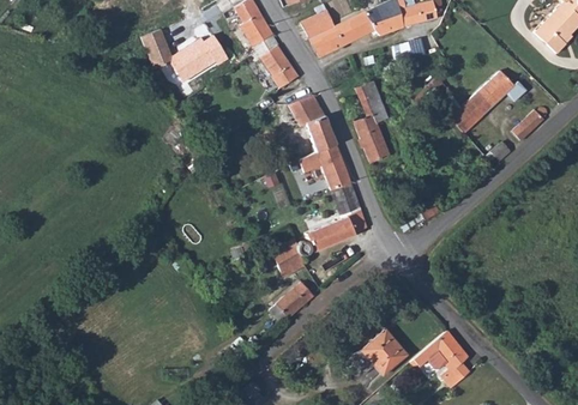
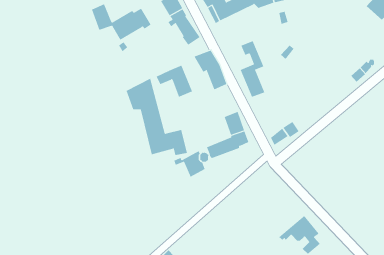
building: [448,71,514,133] -> none
building: none -> [126,78,187,156]
building: [299,144,351,191] -> [156,65,193,97]
building: [269,282,313,324] -> none
building: [361,330,407,375] -> none

